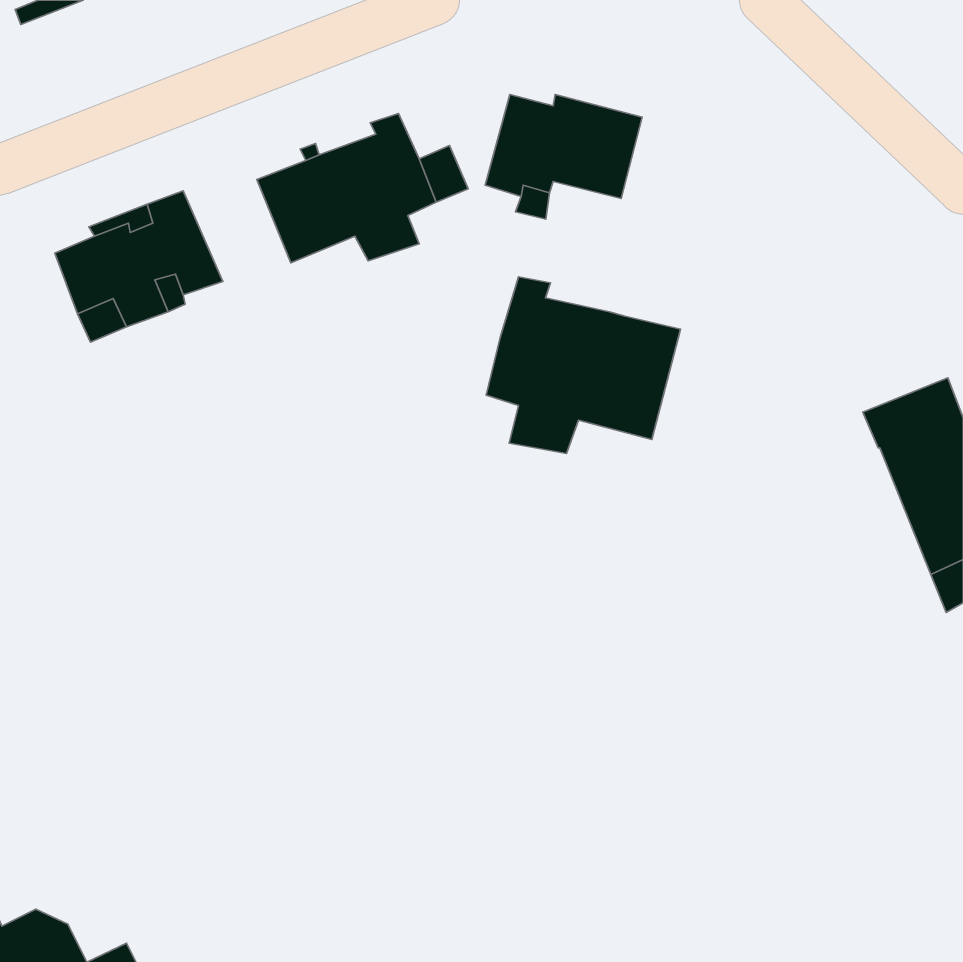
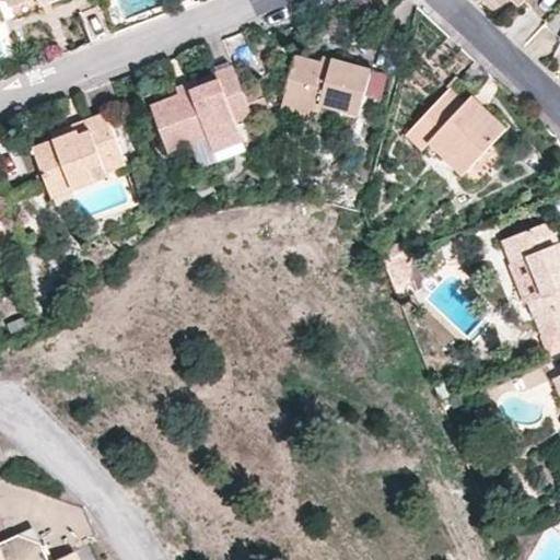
building: none -> [406,89,508,176]
building: [486,277,680,453] -> none

